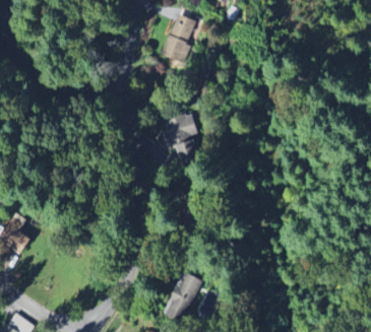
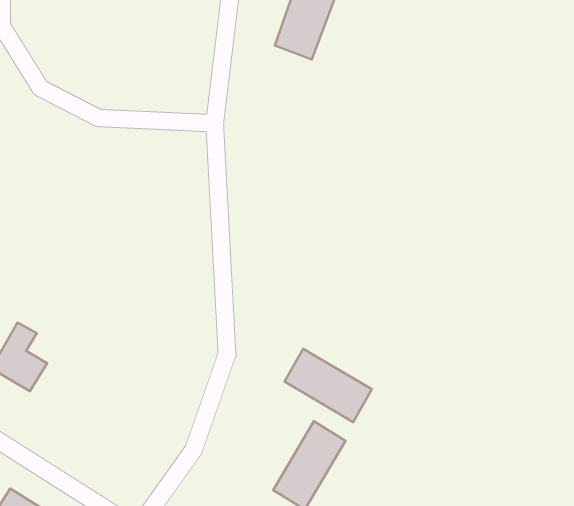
building: [163,114,198,162] -> none
building: none -> [284,349,372,422]

